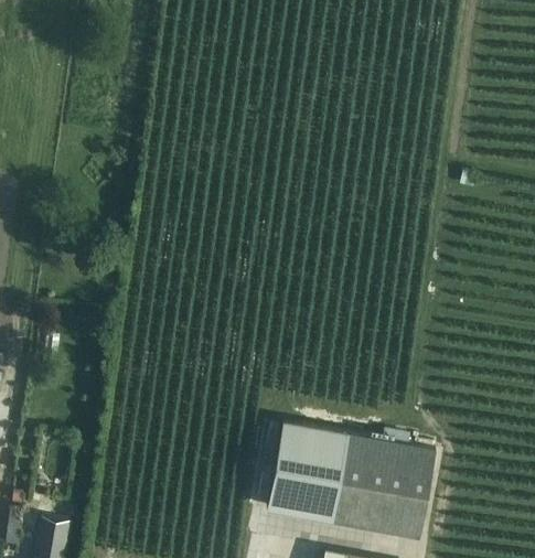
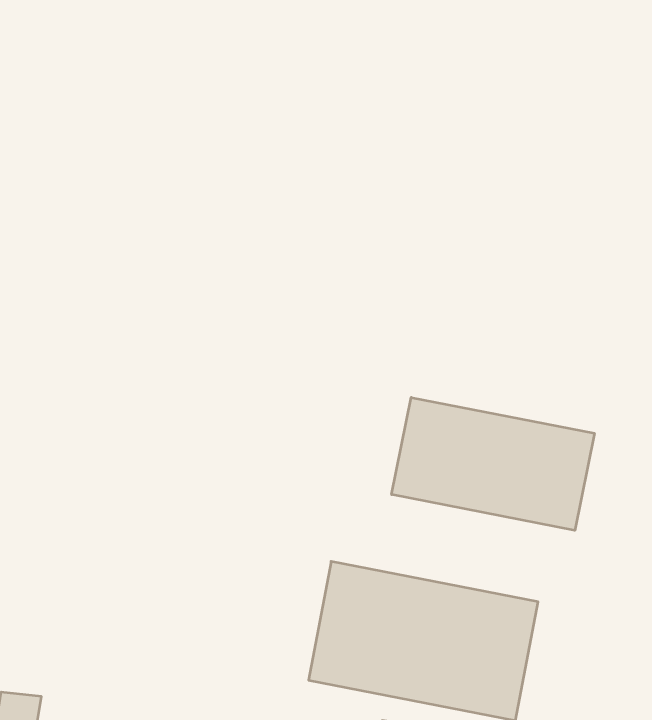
building: none -> [392,397,594,530]

